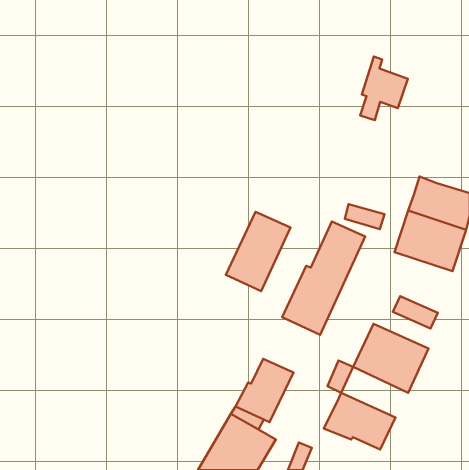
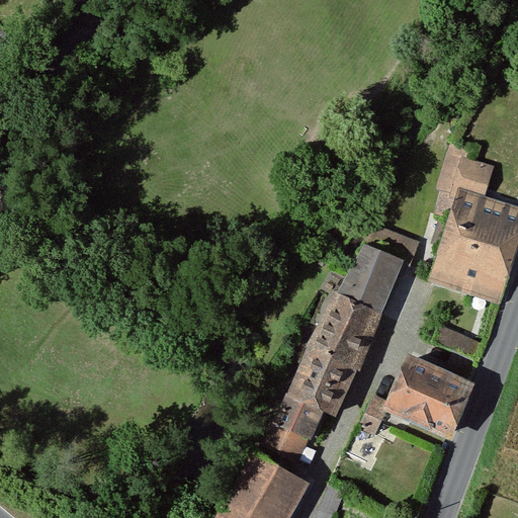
building: [360,57,408,120] -> [440,145,493,214]
building: [226,212,290,291] -> none
building: none -> [290,349,353,414]
building: [324,393,396,450] -> none

